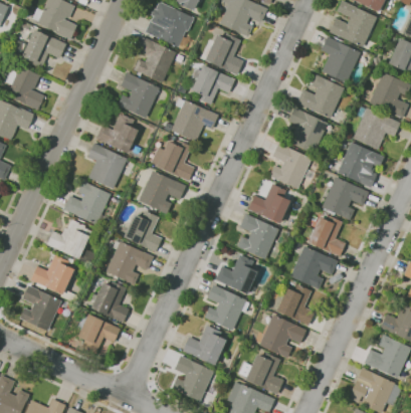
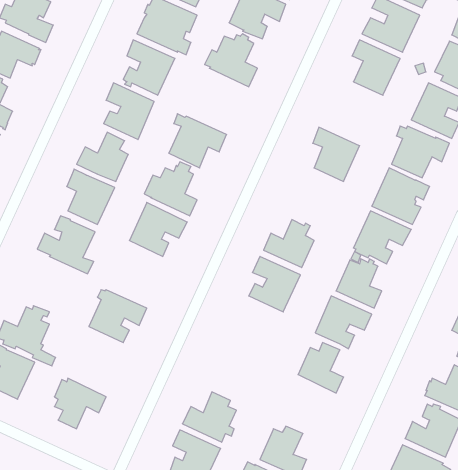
building: [190,64,234,105] -> none
building: [296,75,344,118] -> none
building: [269,143,311,189] -> none
building: [124,210,162,252] -> none
building: [46,219,94,264] -> none
building: [215,254,257,294] -> none
building: [87,281,129,323] -> none
building: [204,284,249,331] -> none
building: [259,315,305,358] -> none

